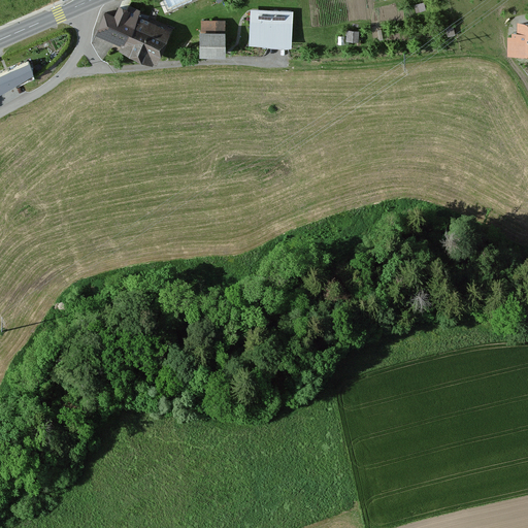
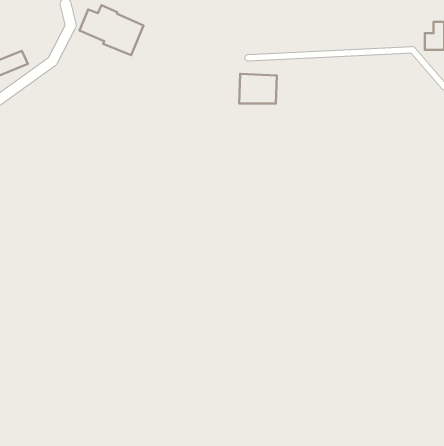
building: [250,10,294,45] -> [239,74,277,104]
building: [201,31,229,56] -> none

